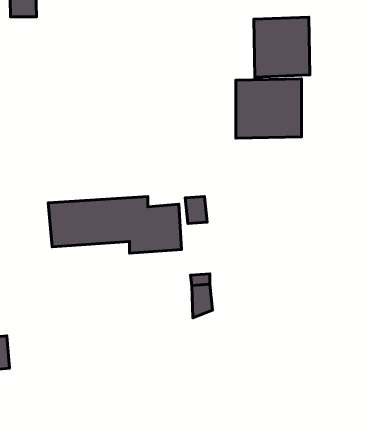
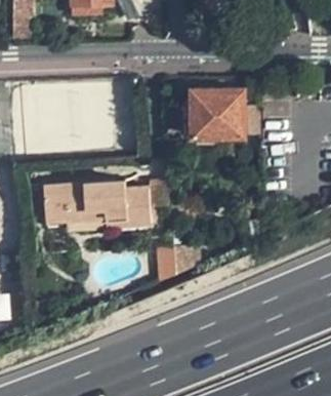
building: [254,17,310,77] -> none

